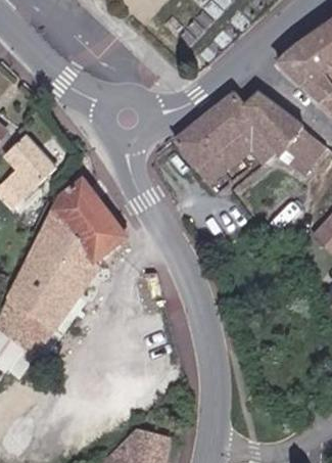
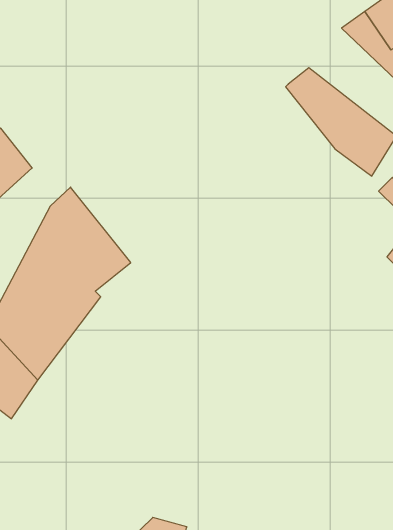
building: [174,93,276,181] -> none

